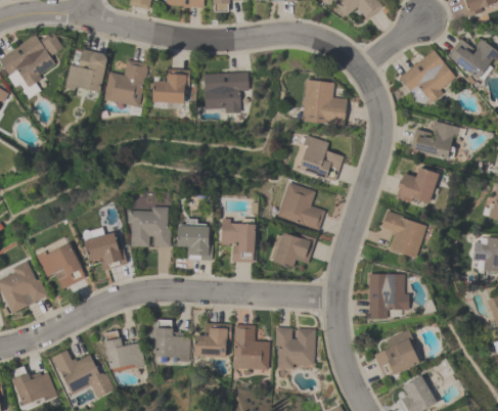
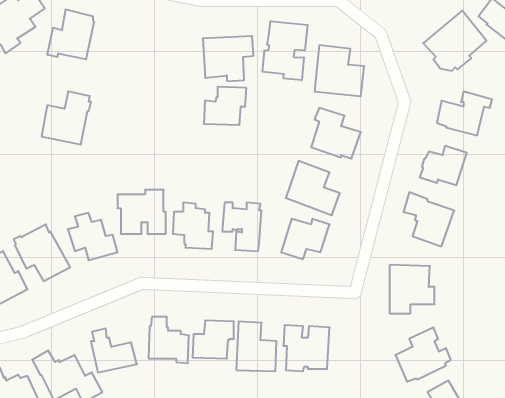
building: [104,58,148,105] -> [42,91,91,145]
building: none -> [263,21,308,80]
building: [152,69,190,102] -> [204,87,246,125]

